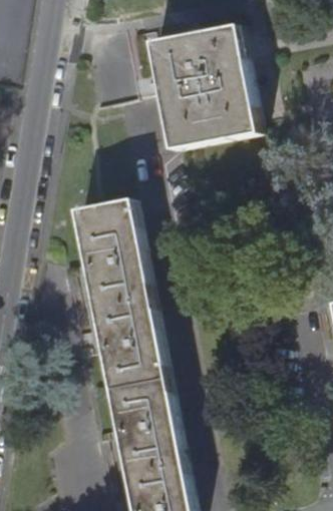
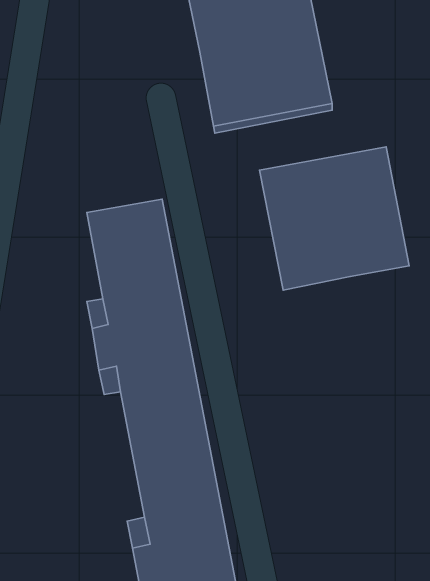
building: none -> [260,147,409,290]

